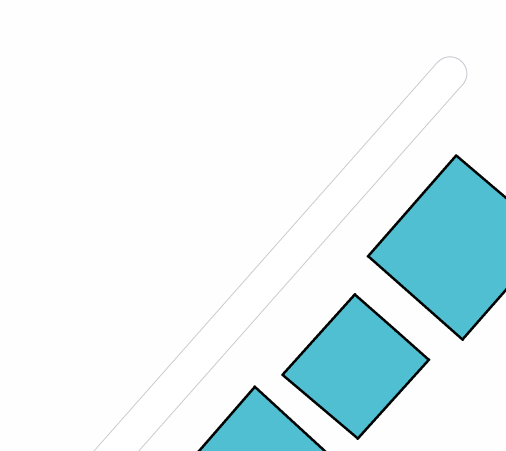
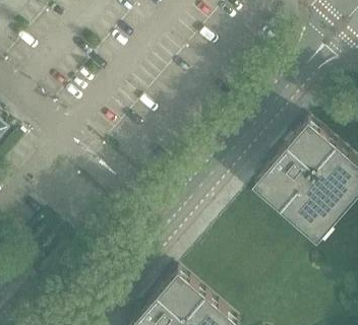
building: [283,294,429,439] -> none

